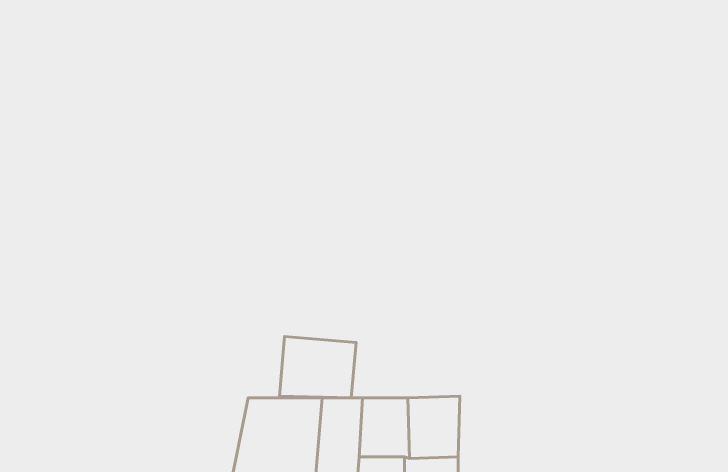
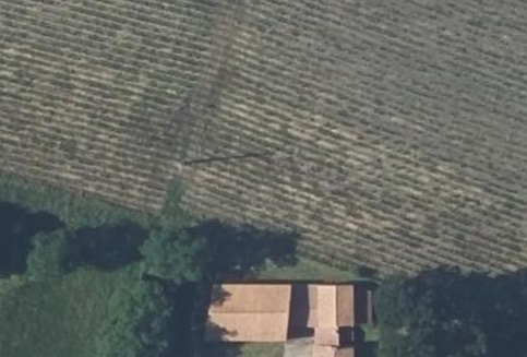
building: [279,337,356,398] -> none

